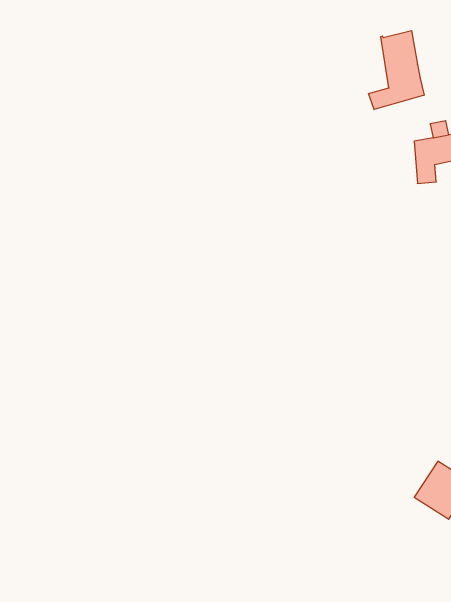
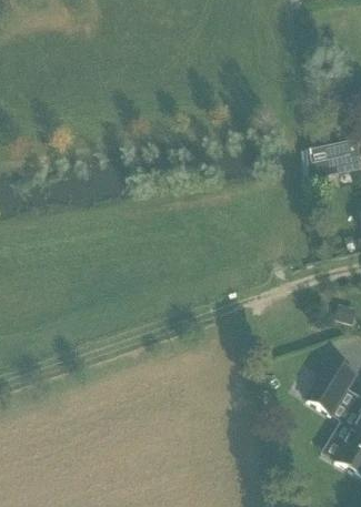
building: [368,31,424,110] -> none

